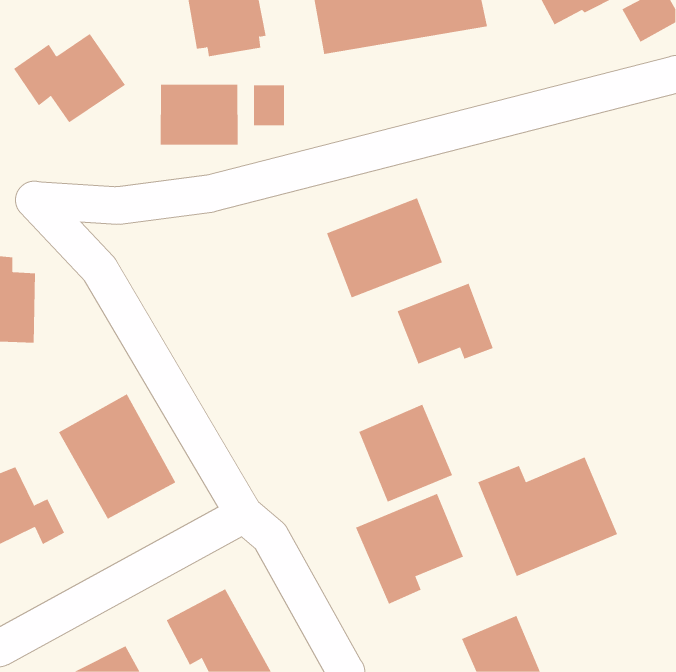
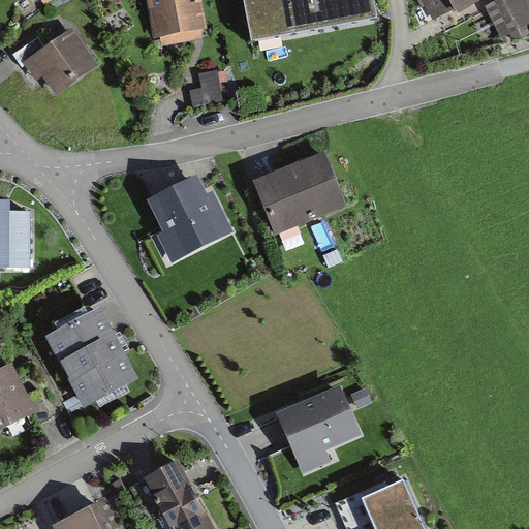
building: [160,84,238,145] -> none
building: none -> [149,175,231,258]
building: [397,283,494,365] -> none
building: [358,404,453,502] -> none
building: [478,457,618,577] -> none

